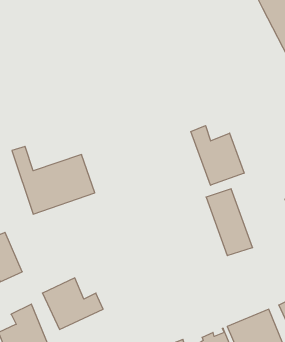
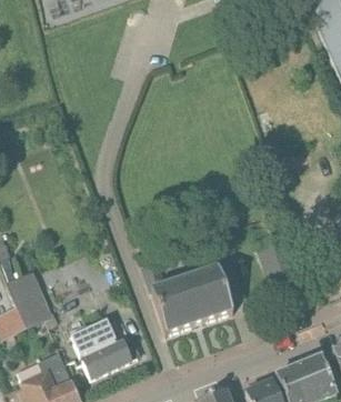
building: [191,126,244,185] -> none
building: [12,146,95,214] -> [142,260,233,334]

